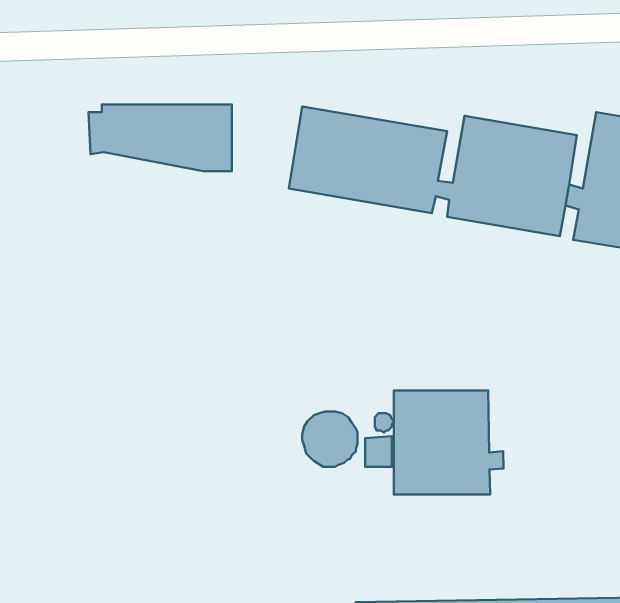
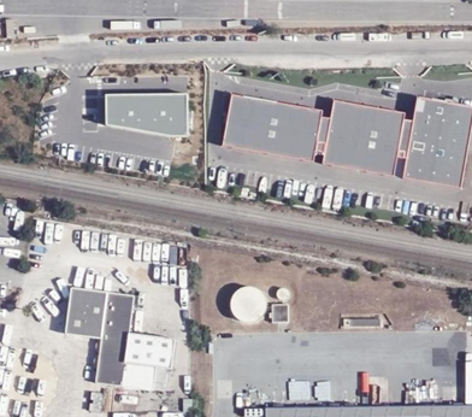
building: [394,390,503,495] -> none
building: none -> [65,287,176,390]

